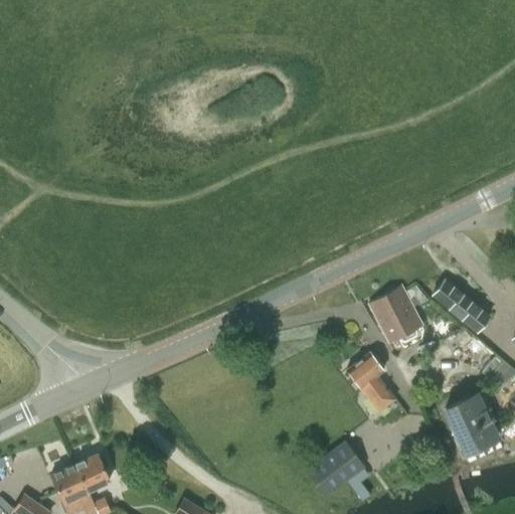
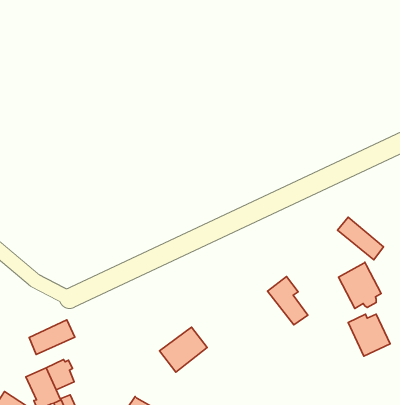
building: [370,287,422,343] -> [338,262,381,308]
building: none -> [29,320,75,355]
building: [307,444,365,499] -> [160,327,207,372]

